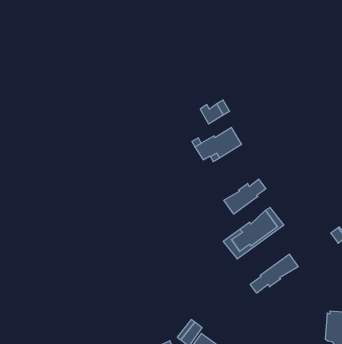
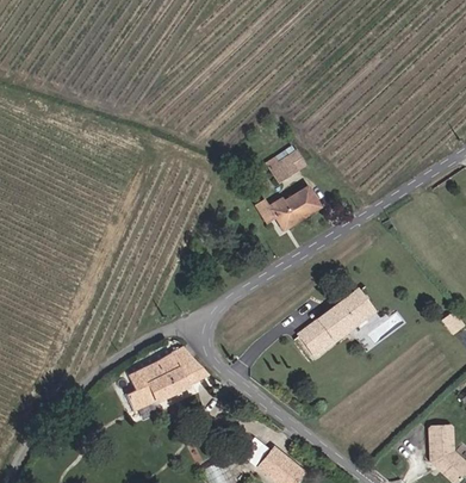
building: [224,179,266,214] -> none
building: none -> [113,346,207,417]
building: [250,254,298,293] -> none

